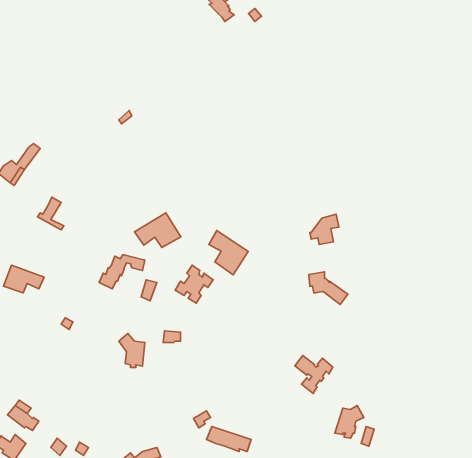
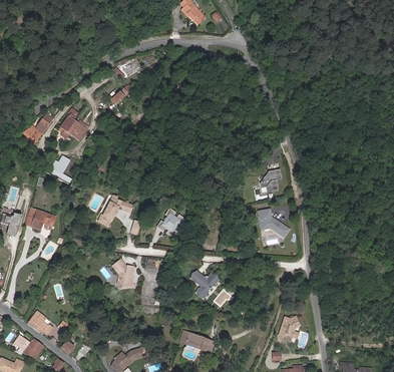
building: none -> [59,109,88,139]
building: [135,213,181,248] -> none
building: [209,231,248,275] -> none
building: [295,355,333,393] -> [190,271,220,300]

